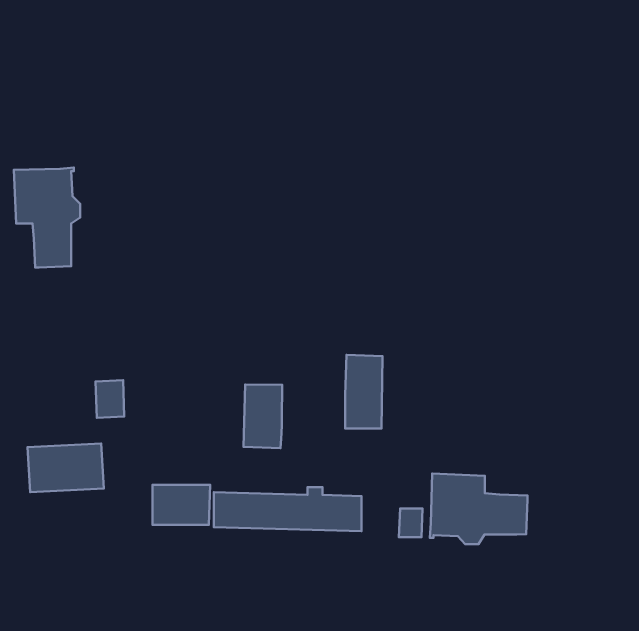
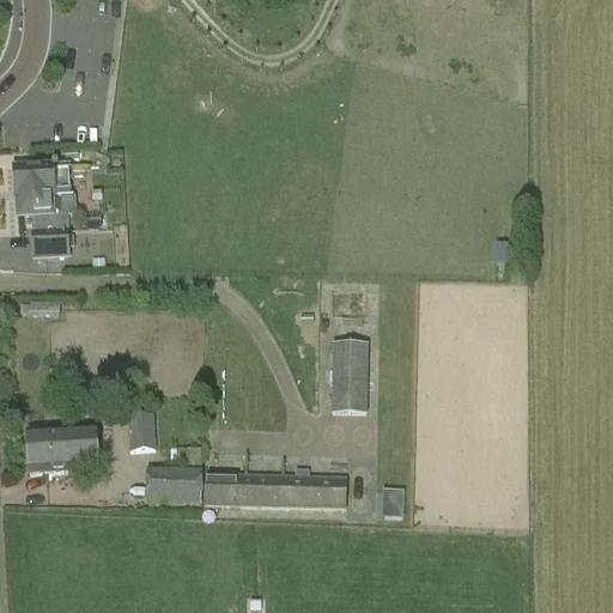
building: [96,380,124,418] -> [128,413,156,449]
building: [244,384,282,448] -> none
building: [430,474,527,544] -> none

